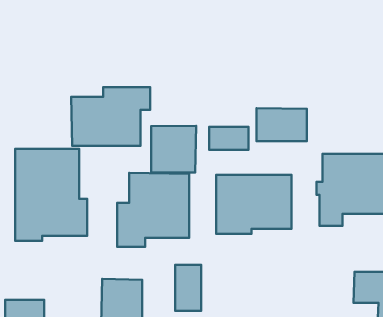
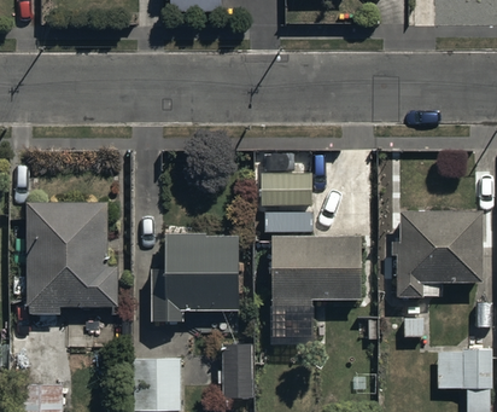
building: [71,87,150,146] -> none
building: [257,108,307,141] -> none
building: [151,126,196,172] -> none

